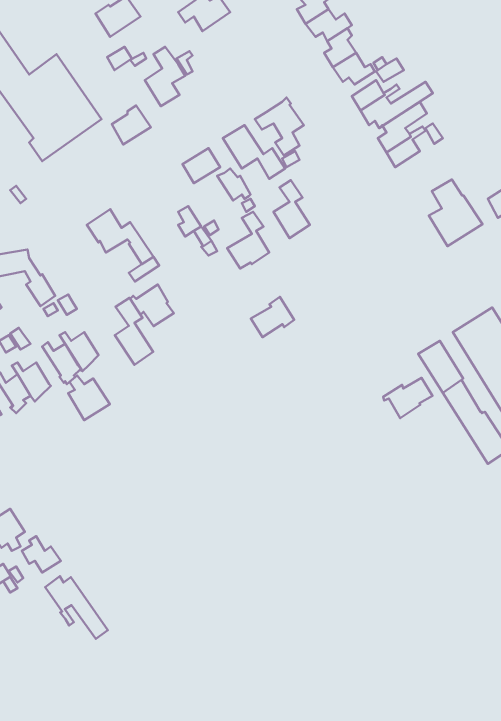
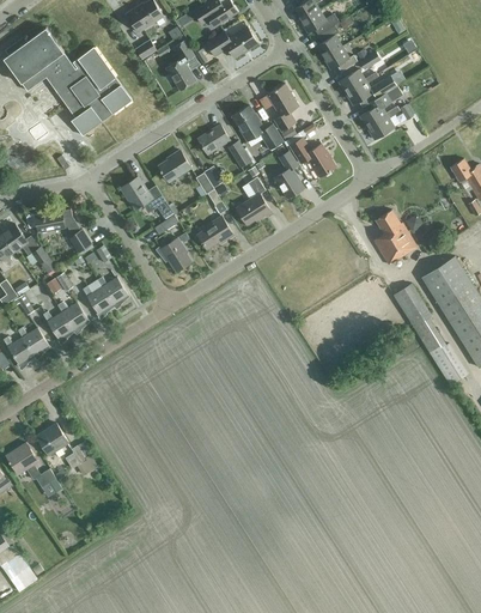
building: none -> [206,26,257,57]
building: [112,106,151,145] -> [158,150,190,182]
building: none -> [288,138,335,177]
building: [429,179,482,246] -> [372,210,416,265]
building: [251,297,294,337] -> [196,216,232,249]
building: [115,298,153,365] -> none
building: [68,376,110,420] -> none
building: [383,378,432,418] -> none
building: [45,576,108,639] -> none

